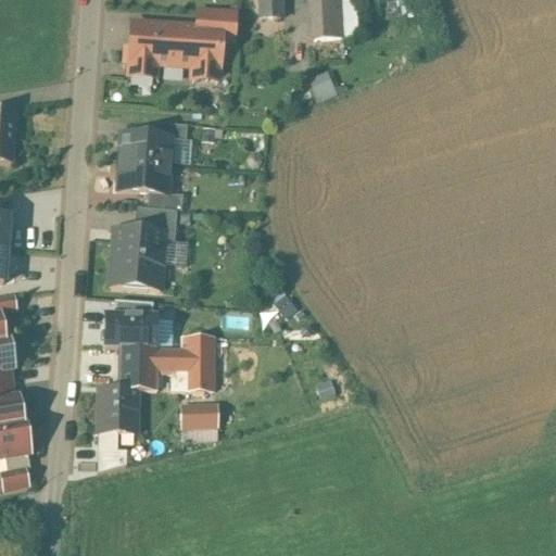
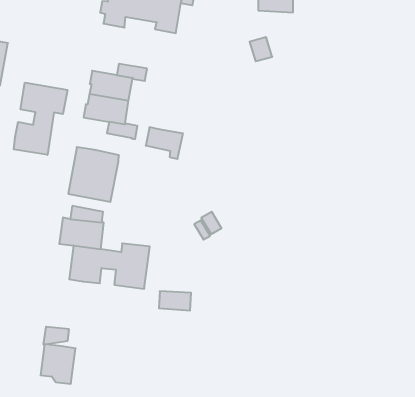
building: none -> [14,83,67,155]
building: [135,204,178,239] -> [146,127,183,159]
building: [99,387,138,431] -> [40,344,76,384]
building: [185,402,224,425] -> [159,291,191,311]

